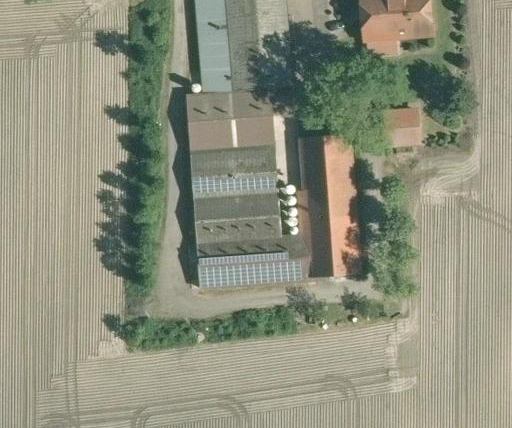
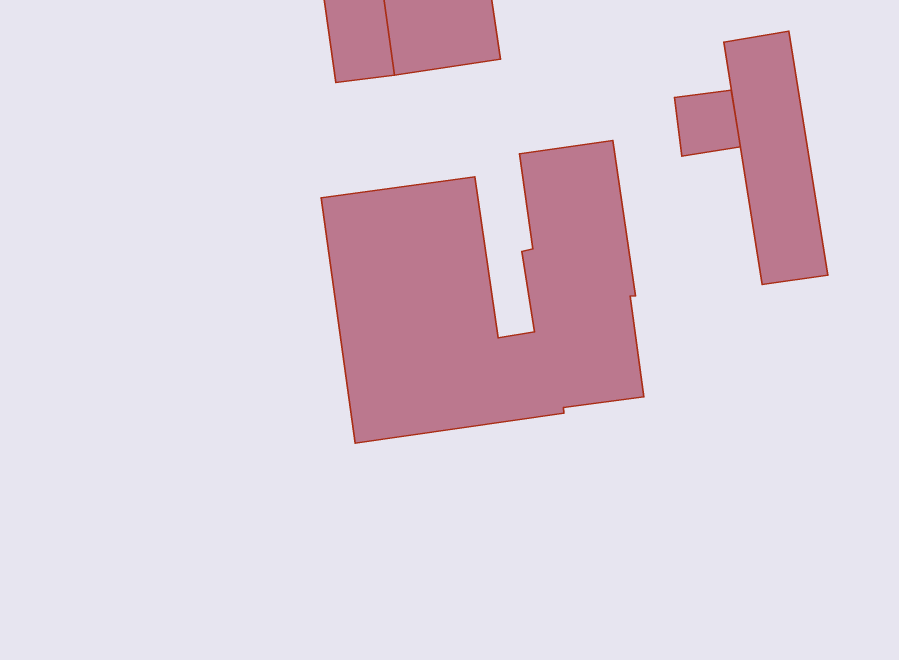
building: none -> [724,31,828,284]
building: [185,85,294,154] -> none

